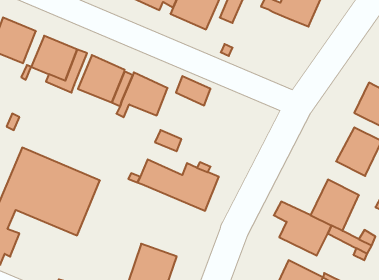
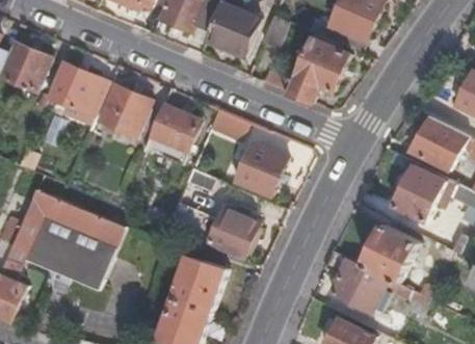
building: none -> [288,35,350,103]
building: none -> [234,143,294,202]
building: none -> [169,255,226,313]

